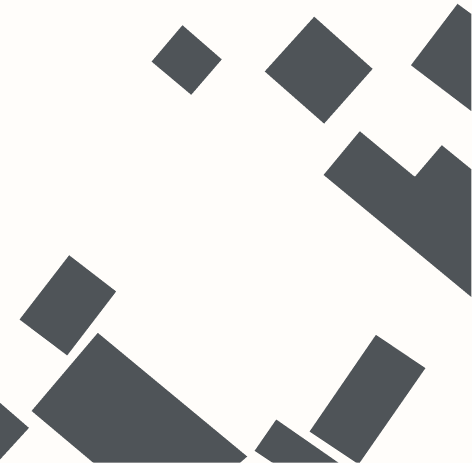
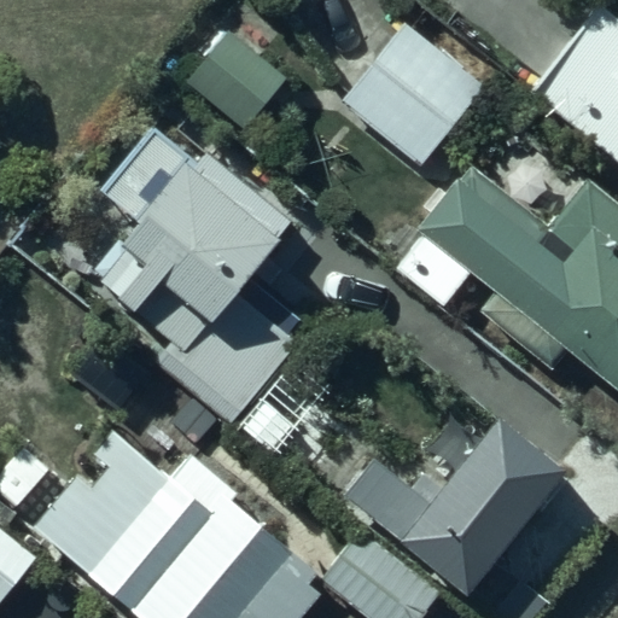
building: none -> [106,179,288,397]
building: [18,254,117,356] -> none

